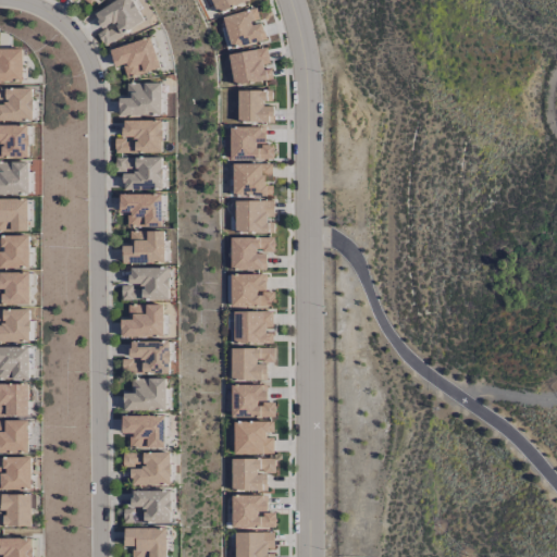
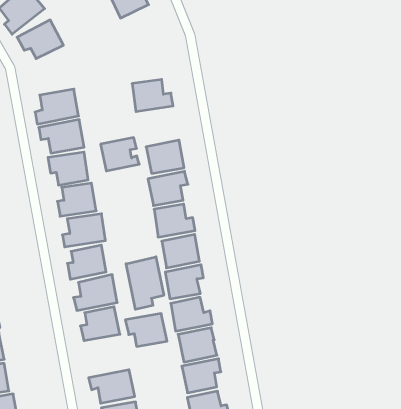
building: [227,48,272,85] -> none
building: [119,83,161,115] -> none
building: [237,90,273,123] -> none
building: [232,163,272,196] -> [101,138,139,171]
building: none -> [126,257,164,309]
building: [121,416,164,448] -> [125,314,167,346]

